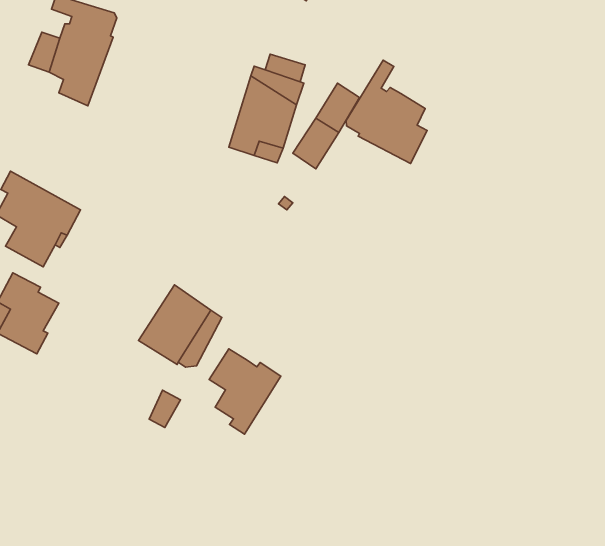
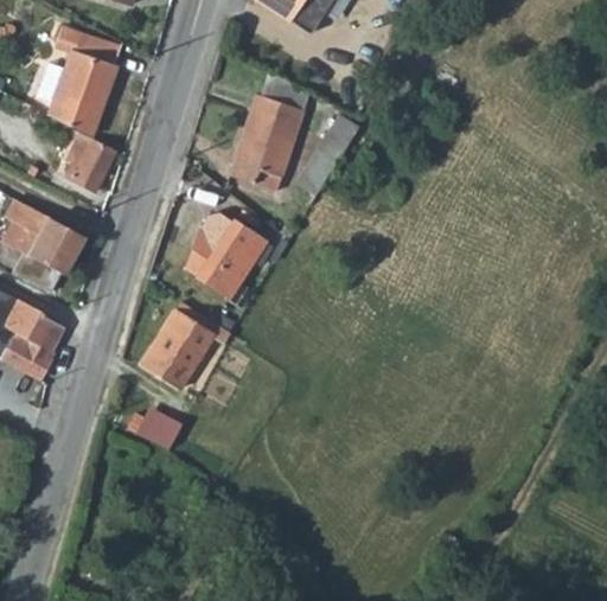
building: [346,60,427,164] -> none
building: none -> [51,132,115,202]
building: none -> [186,220,263,295]
building: [209,349,281,434] -> none

